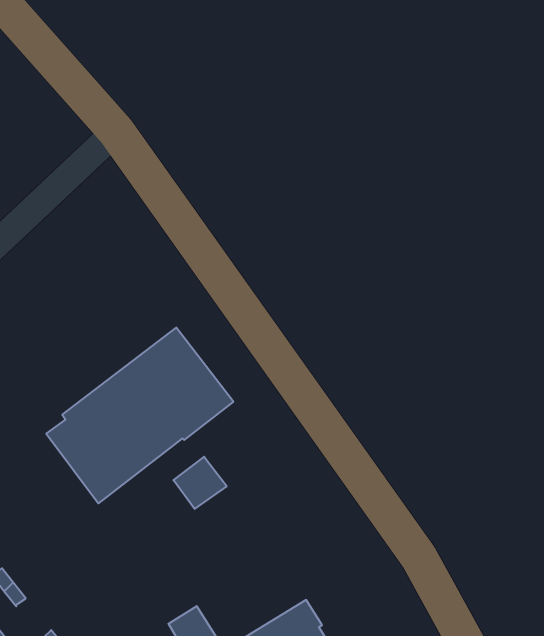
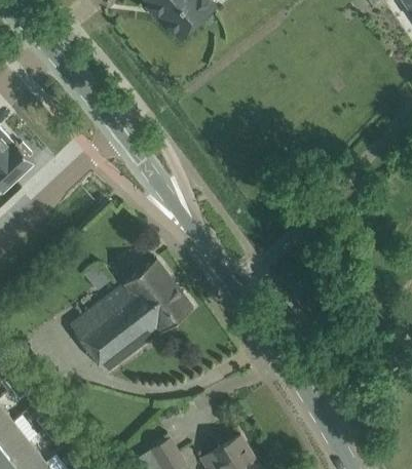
building: [173,457,227,509] -> none

